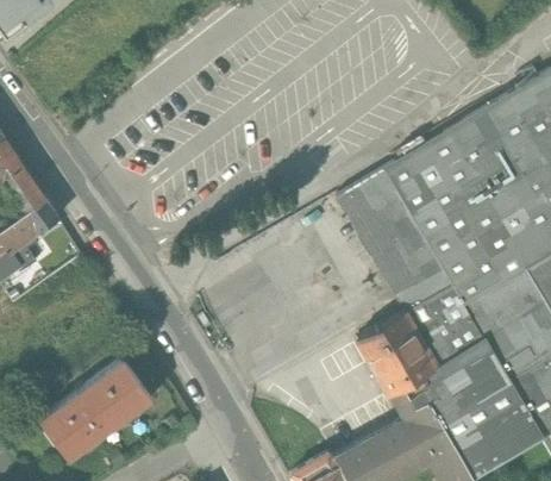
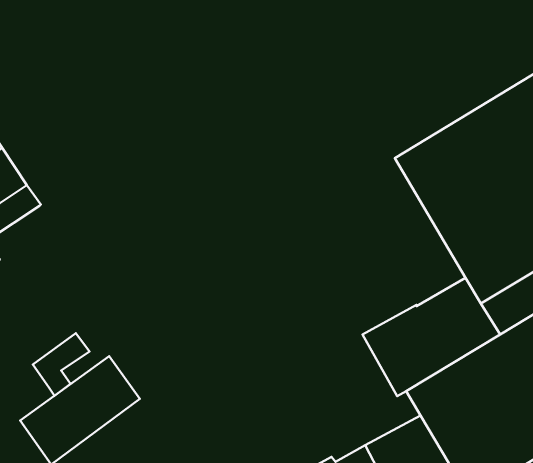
building: [342,176,451,313] -> none
building: none -> [33,333,89,396]

